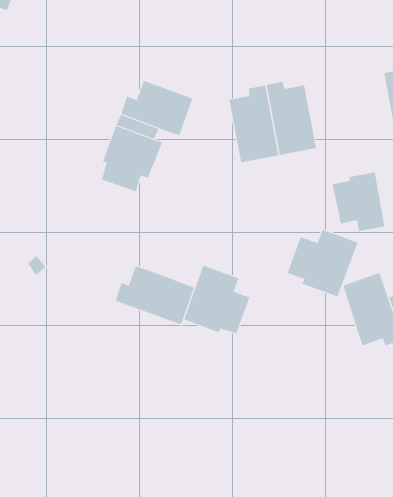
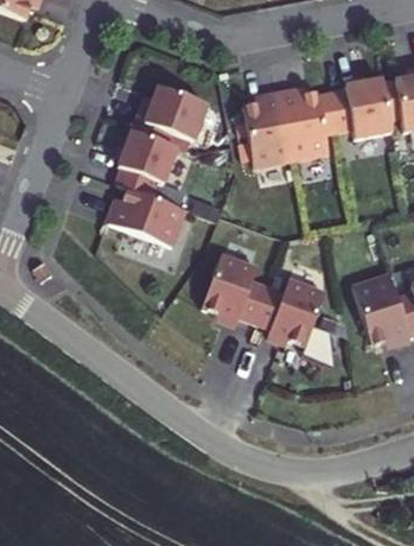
building: [332,172,385,231] -> [340,76,393,134]
building: [287,229,358,297] -> [251,290,321,356]
building: [115,266,195,325] -> [109,185,187,243]

